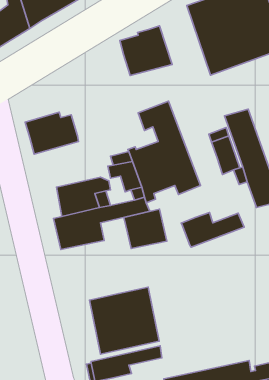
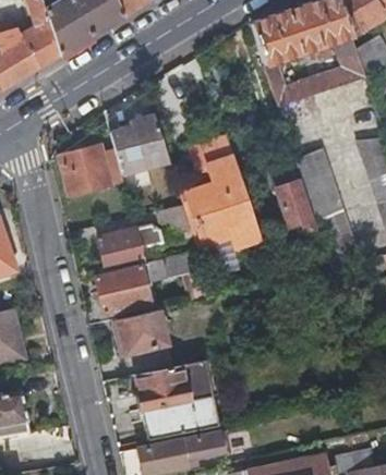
building: [120,26,172,75] -> [108,122,170,181]
building: [124,209,167,249] -> [113,308,165,355]
building: [181,212,244,247] -> none

